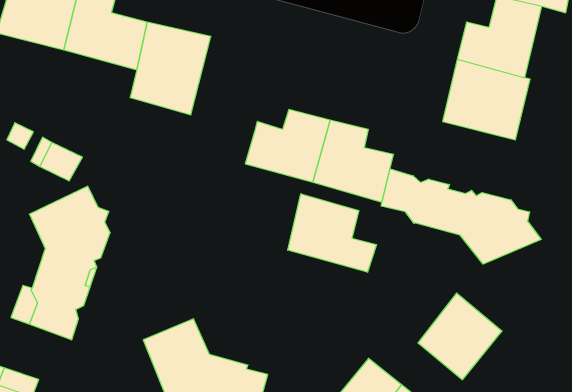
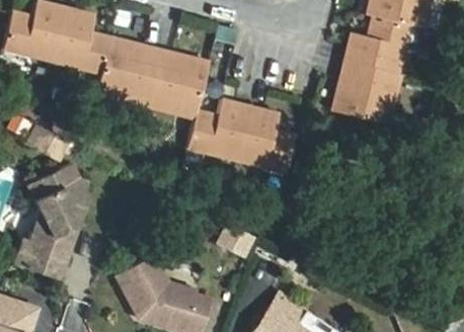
building: none -> [149,46,213,118]
building: [381,169,541,264] -> none
building: [288,194,377,272] -> none
building: [418,293,502,380] -> none

